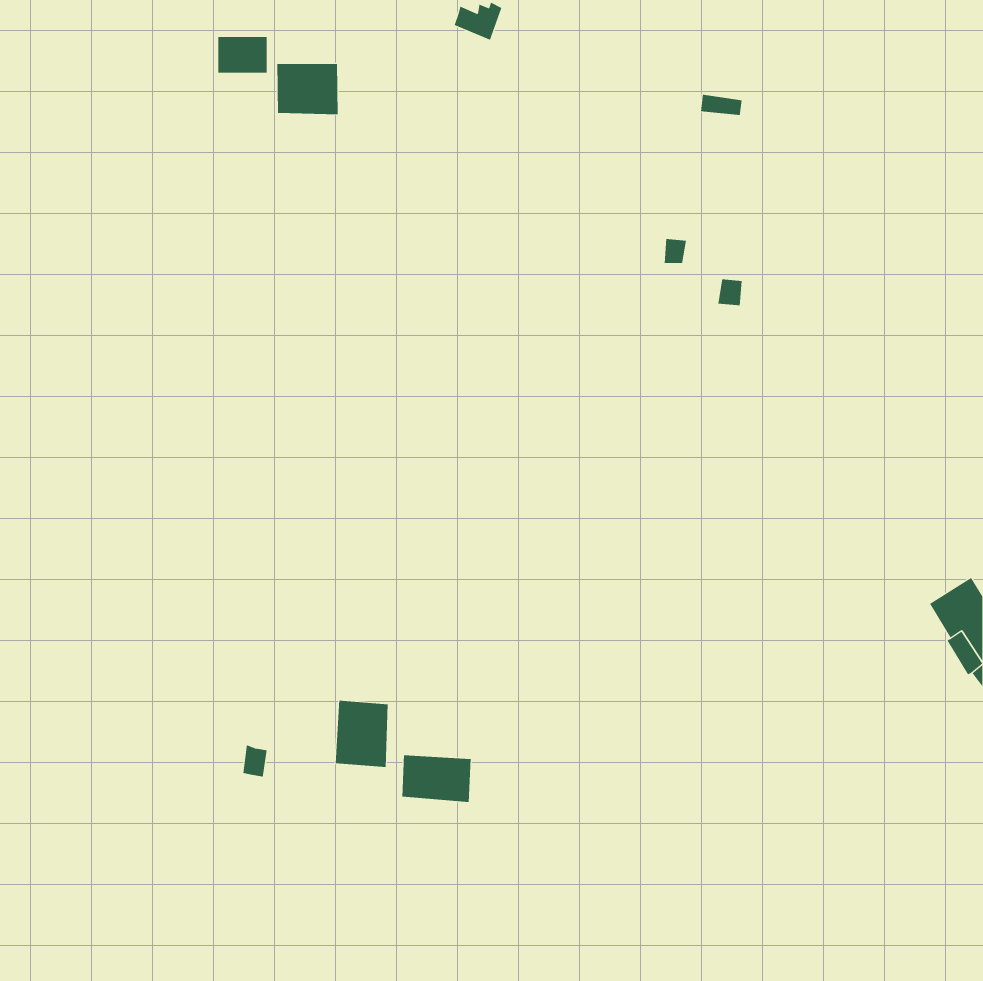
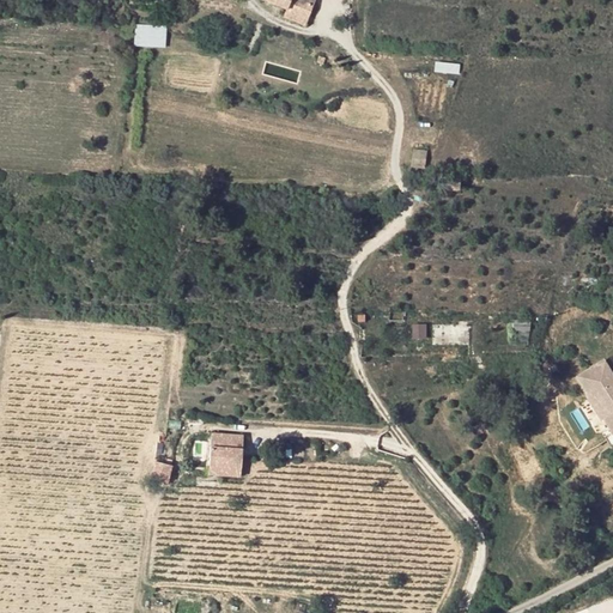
building: [277,63,338,115] -> none
building: [402,754,471,803] -> none

